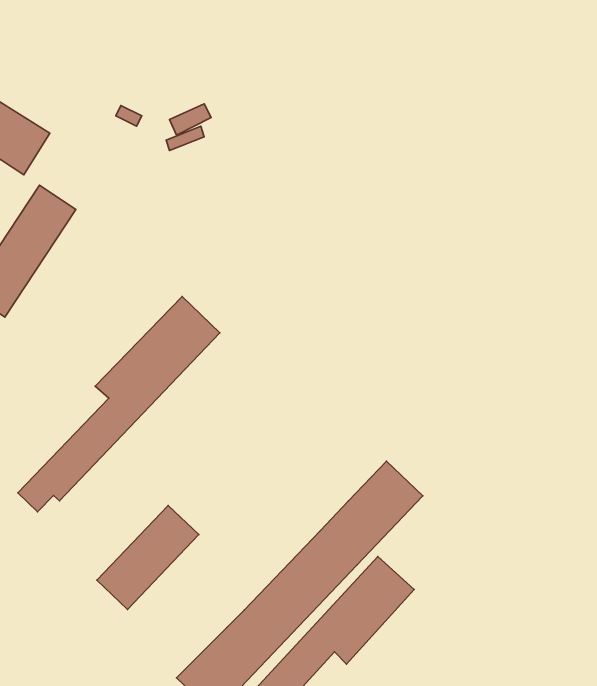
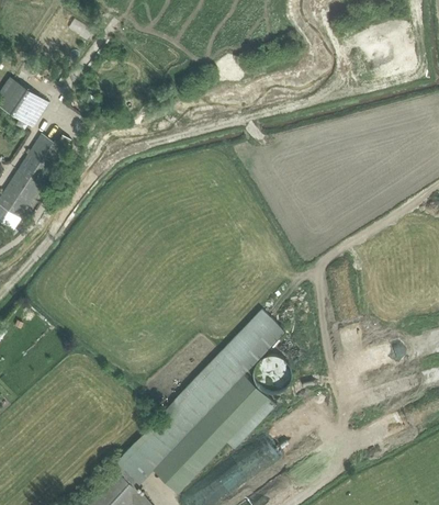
building: [18,296,220,512] -> none
building: [97,505,199,609] -> none

